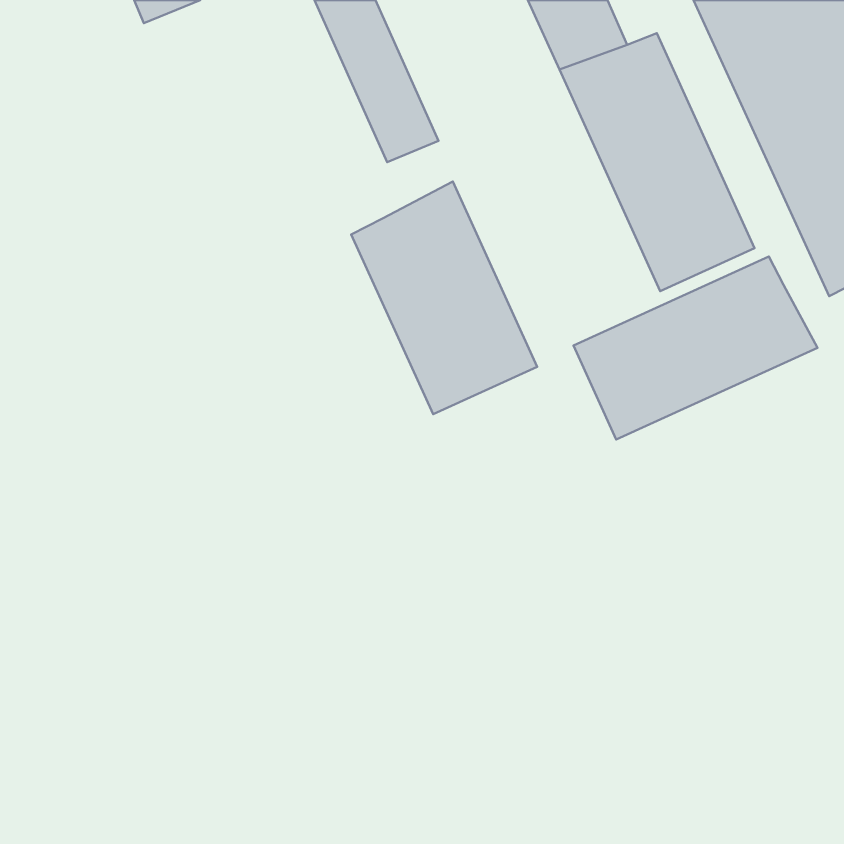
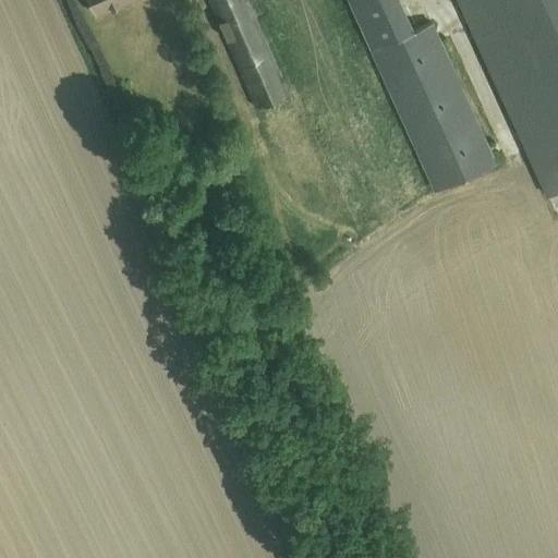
building: [351,182,537,414] -> none
building: [573,256,818,440] -> none

